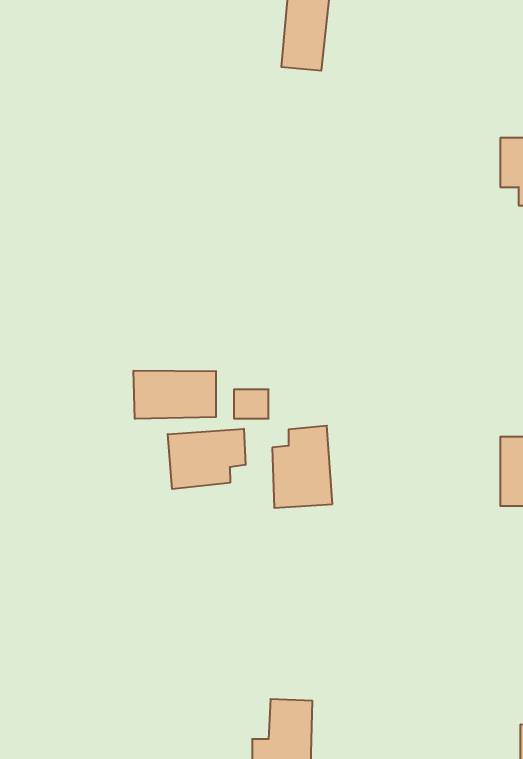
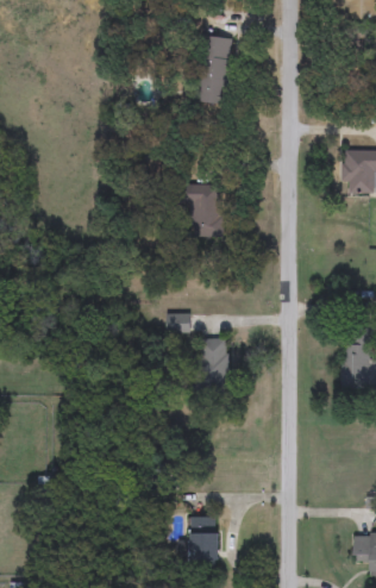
building: none -> [180,184,220,237]
building: [134,371,216,419] -> none
building: [168,429,245,489] -> none

